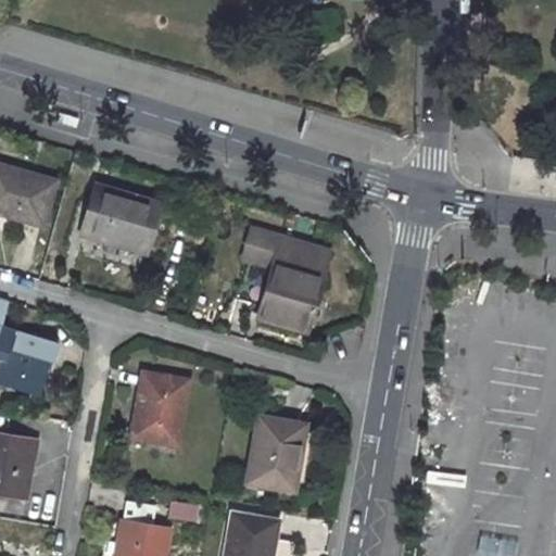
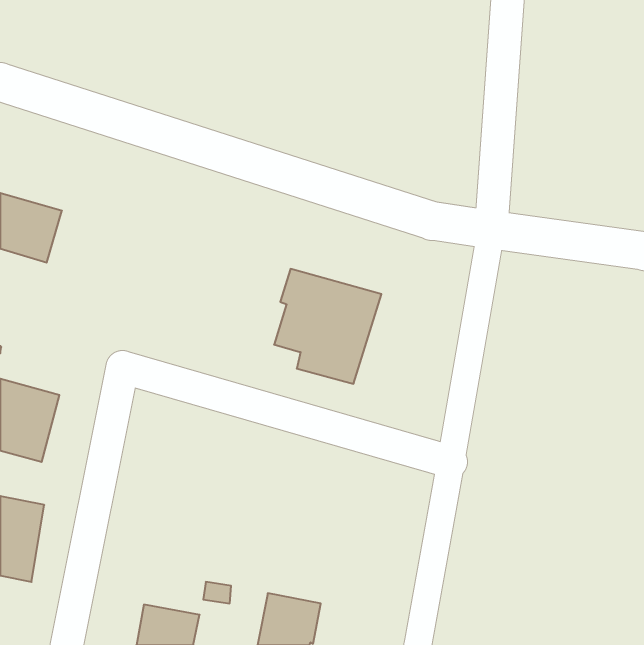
building: [74,193,155,260] -> none
building: [131,371,186,443] -> none
building: [247,418,303,488] -> none

